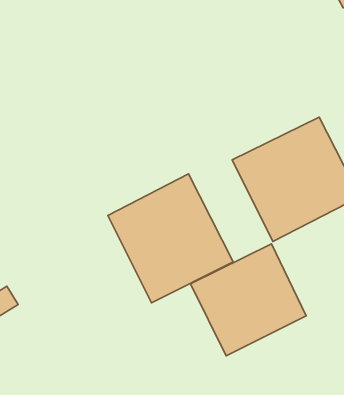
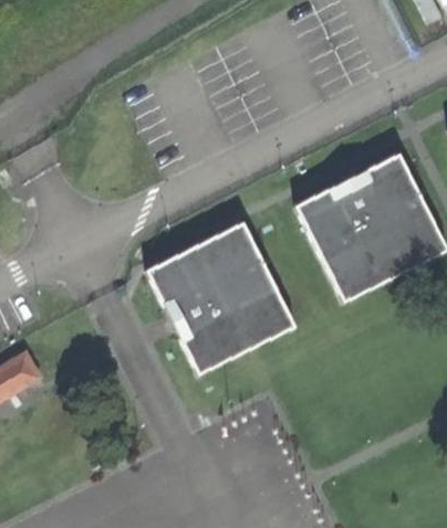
building: [190,244,306,356] -> none

